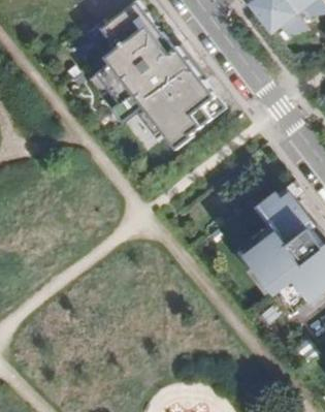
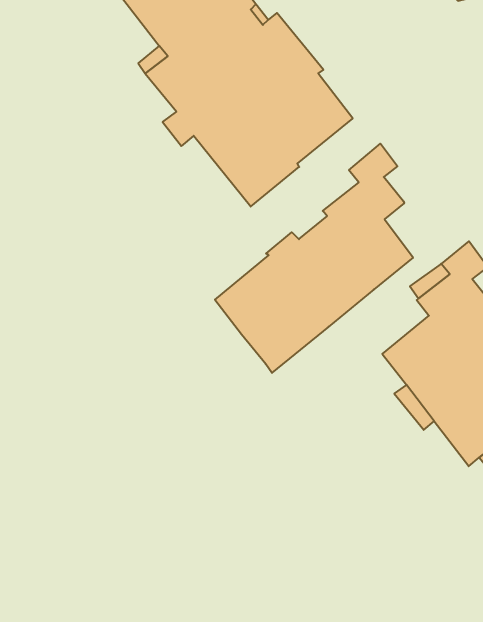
building: none -> [215,144,413,373]

